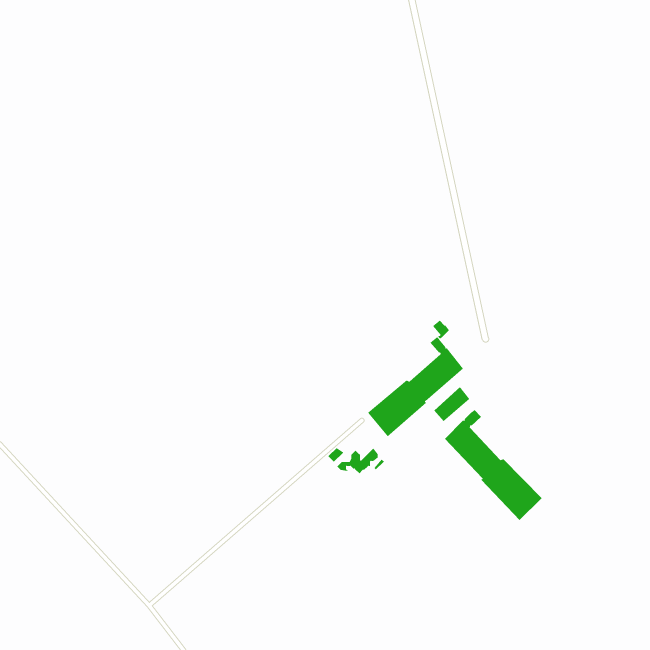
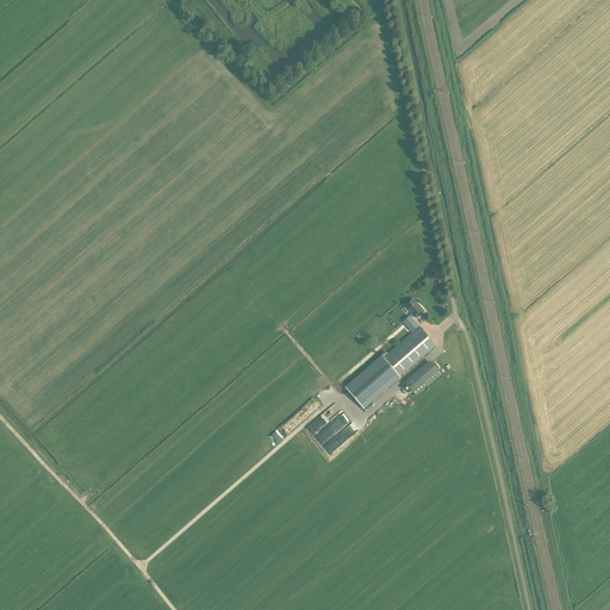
building: [444,409,542,521] -> none

